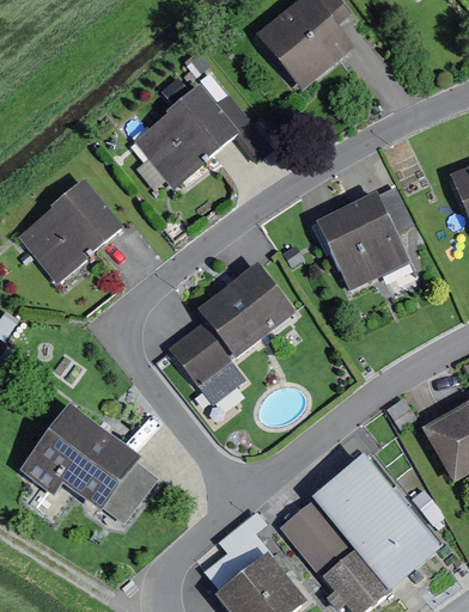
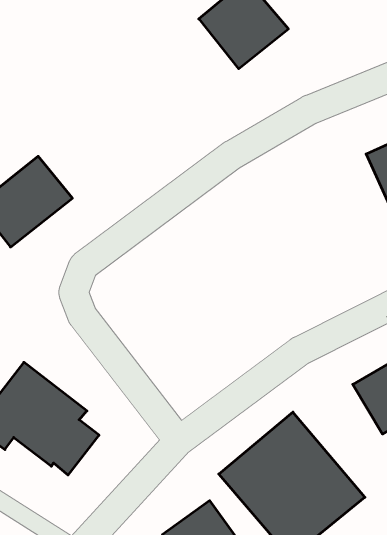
building: [135,84,239,184] -> none
building: [317,190,413,290] -> none
building: [201,263,297,355] -> none
building: [169,320,243,400] -> none

